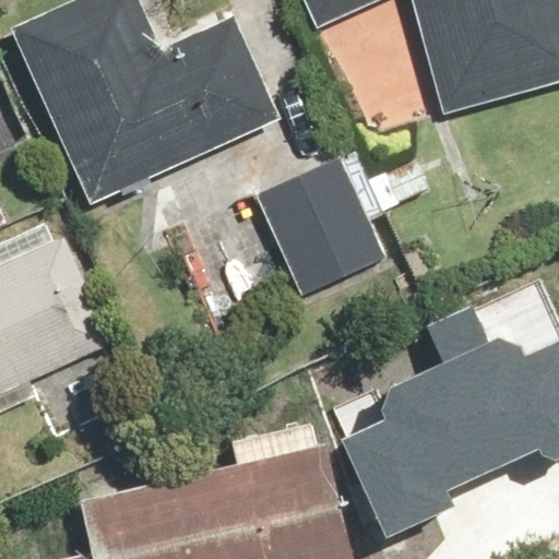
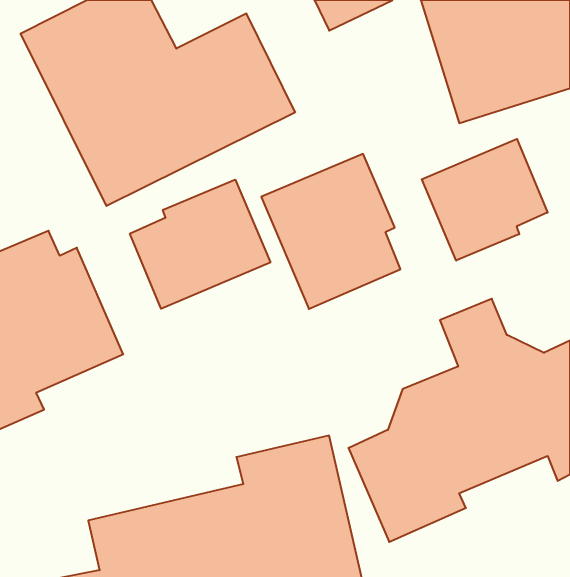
building: none -> [422,139,548,261]
building: none -> [130,180,270,309]

